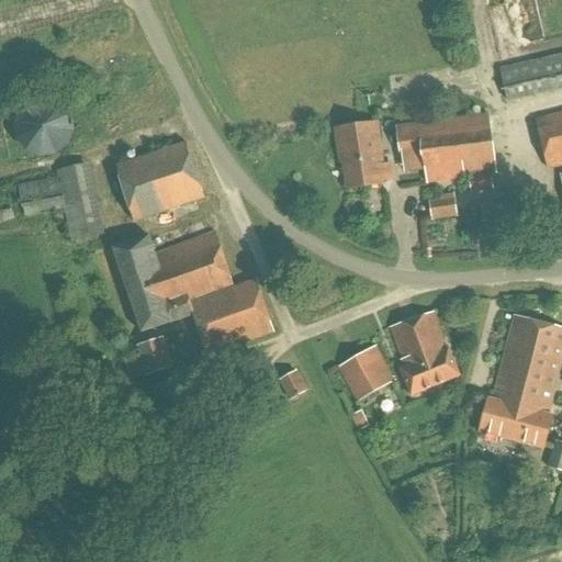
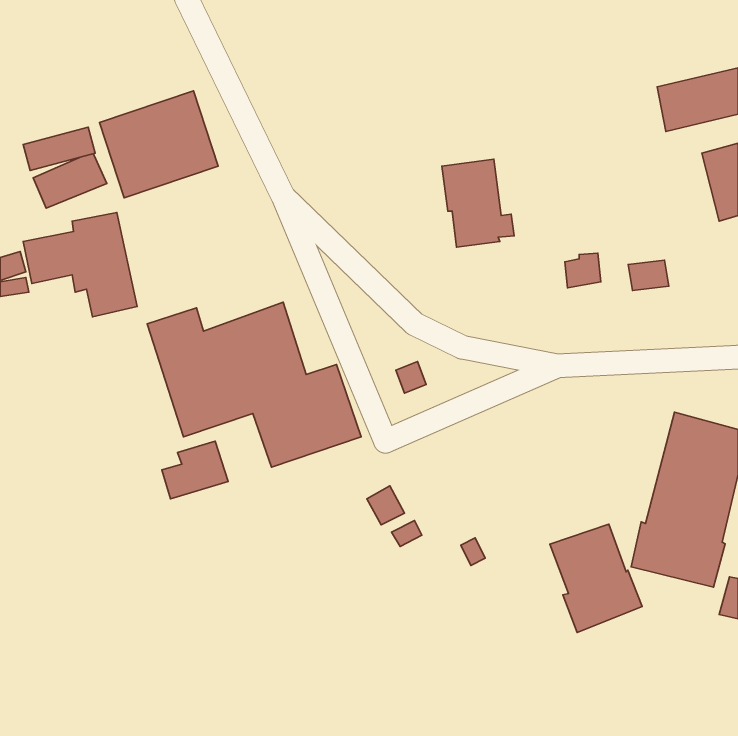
building: [395,112,496,191] -> none
building: [114,139,204,221] -> [100,91,218,198]
building: [389,311,459,393] -> [550,524,642,632]
building: [337,345,395,401] -> none

